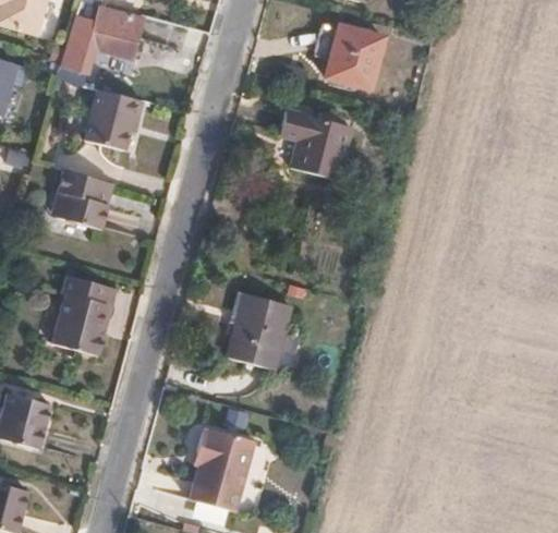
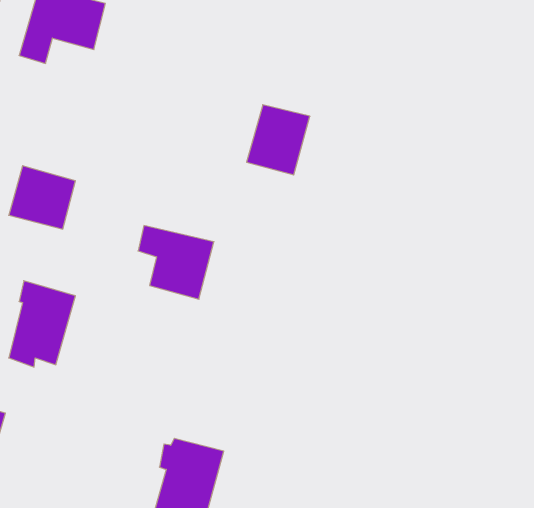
building: [324,27,380,87] -> none
building: [87,88,145,149] -> none
building: [229,302,301,372] -> [138,226,214,299]

